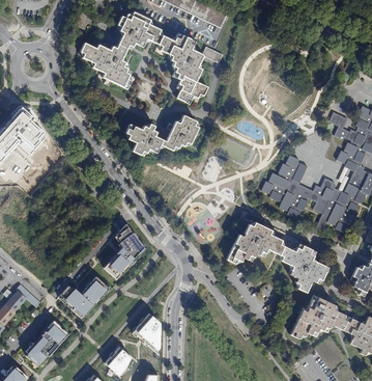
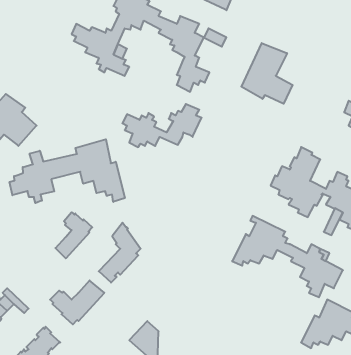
building: none -> [241,43,293,104]
building: none -> [10,139,125,203]
building: none -> [55,212,92,258]

